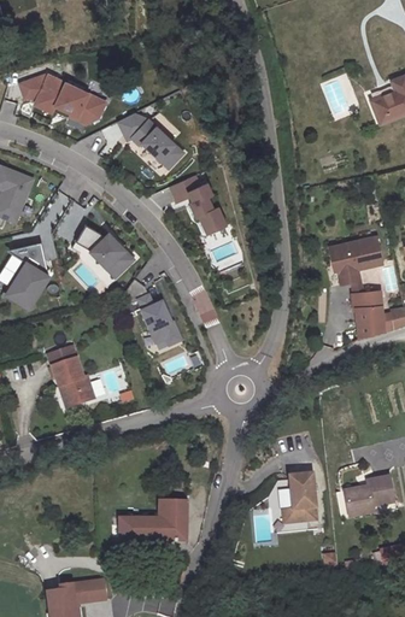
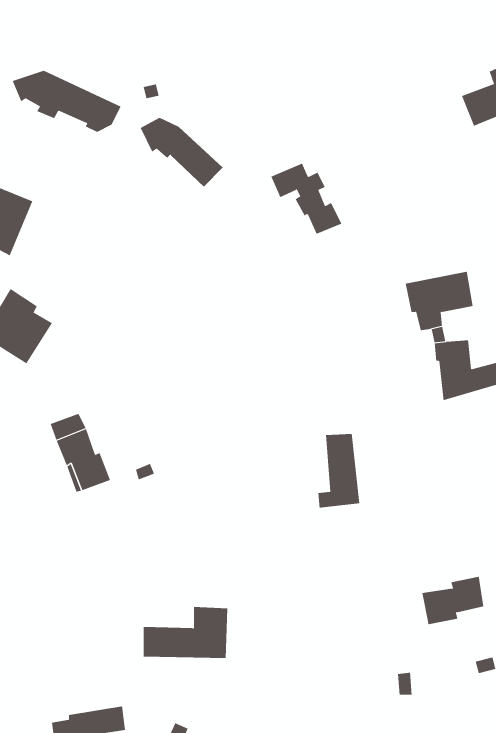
building: [170,176,227,233] -> [271,163,342,234]
building: [76,225,134,277] -> none
building: [123,281,181,345] -> none
building: [281,463,315,522] -> [317,433,360,508]

